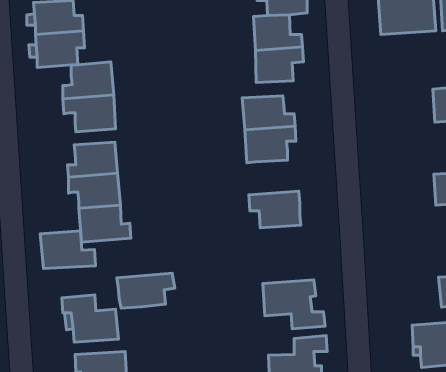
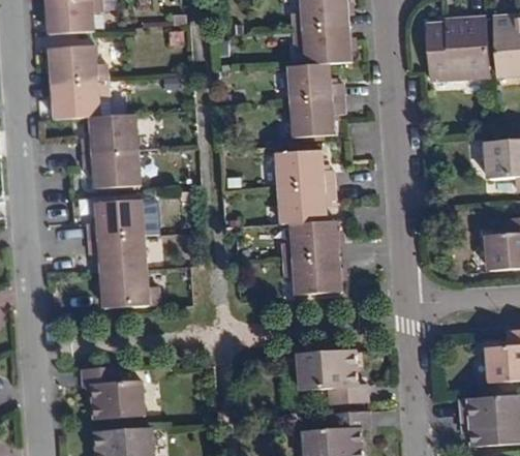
building: none -> [284,218,340,257]
building: [40,231,96,268] -> none
building: [117,273,175,308] -> none

